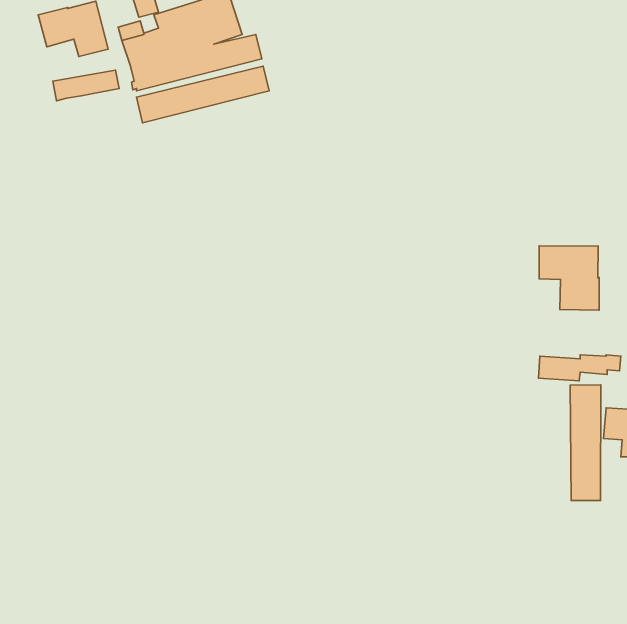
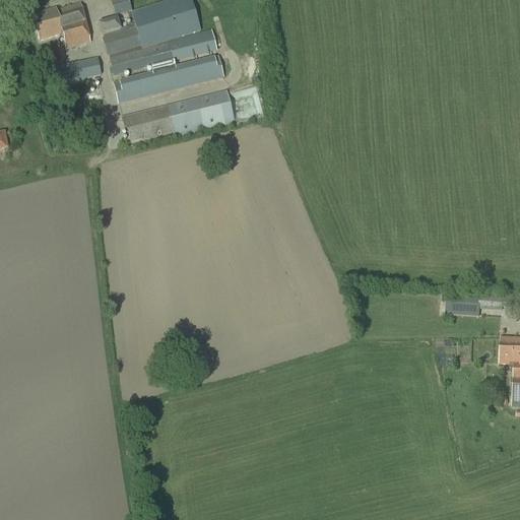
building: none -> [122,89,235,141]
building: [539,246,599,310] -> none
building: [570,385,601,500] -> none

